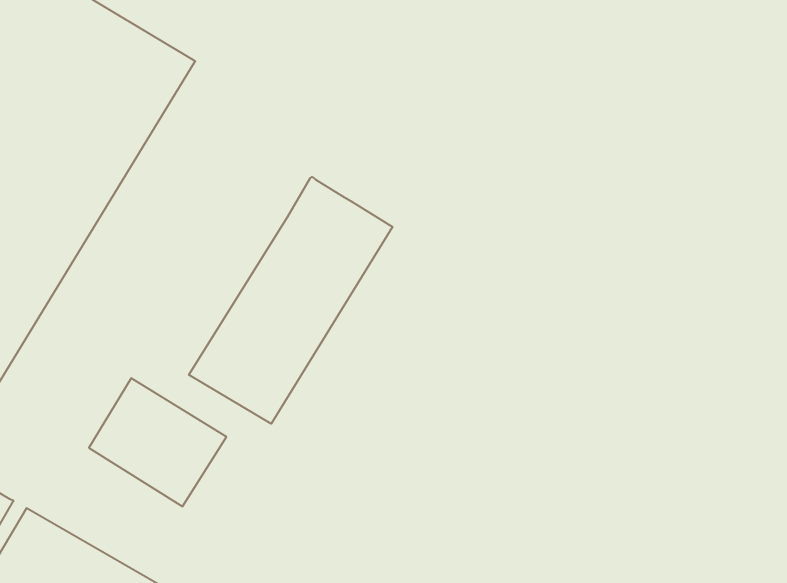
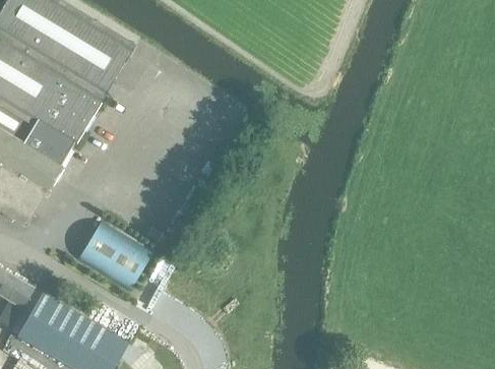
building: [189,177,392,424] -> none

